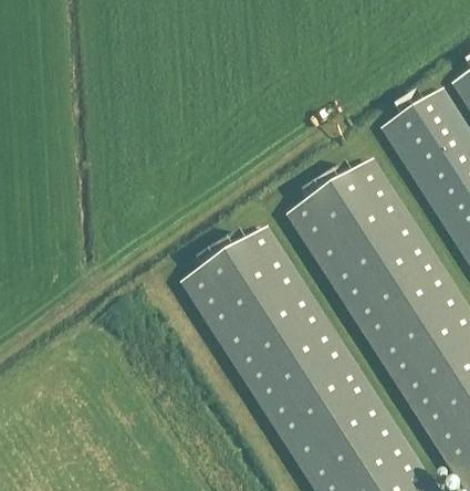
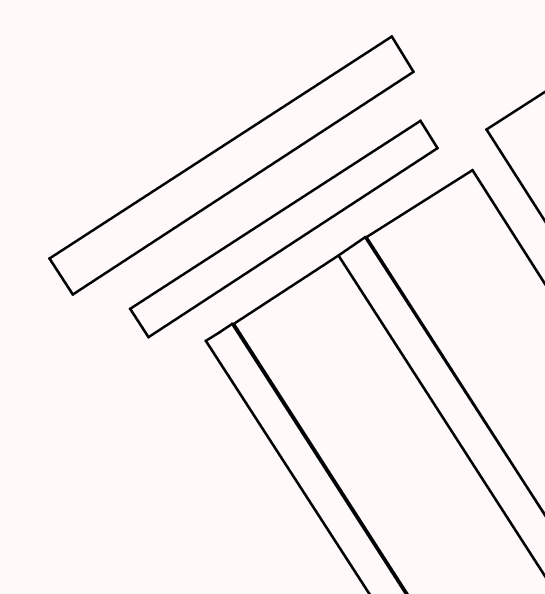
building: none -> [50,37,414,294]
building: none -> [130,121,437,337]

